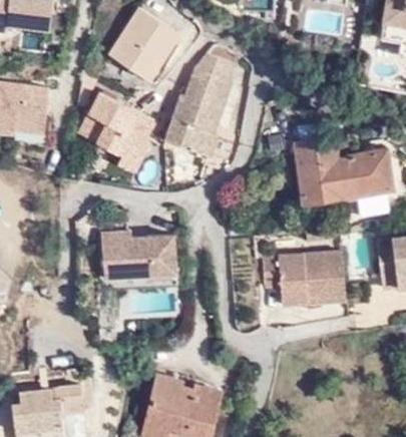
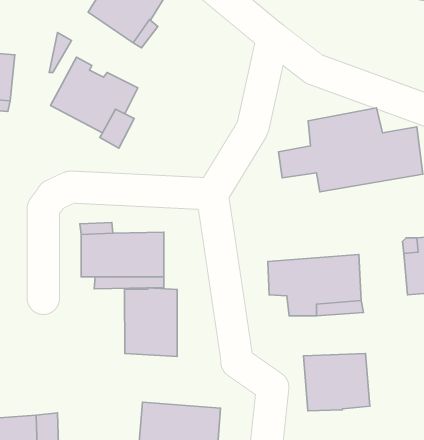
building: [162,50,230,152] -> none
building: none -> [125,288,177,357]
building: none -> [304,353,370,411]

